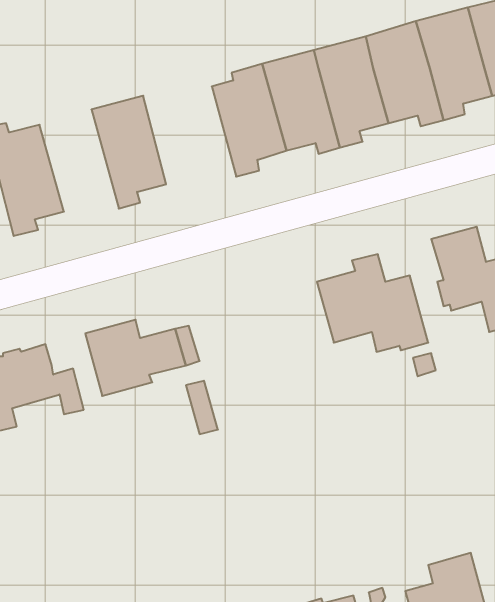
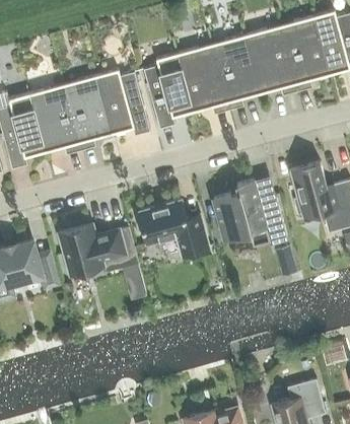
building: none -> [97,69,150,135]
building: none -> [28,83,81,153]
building: none -> [138,199,209,256]

